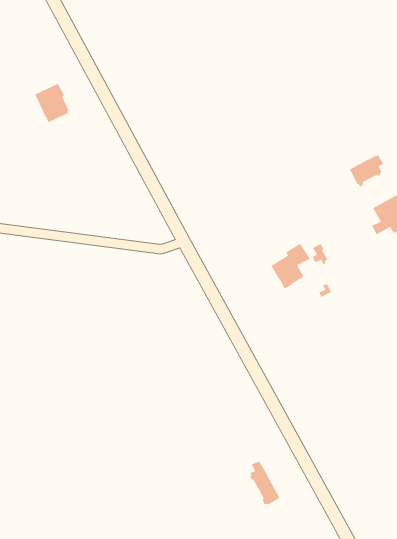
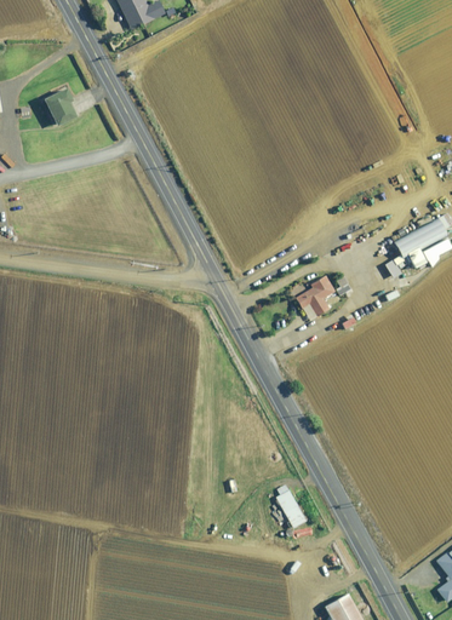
building: [34,83,69,123] -> [42,86,76,125]
building: [349,154,384,188] -> none

